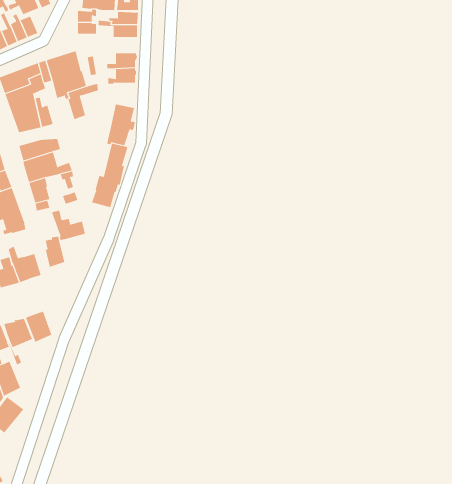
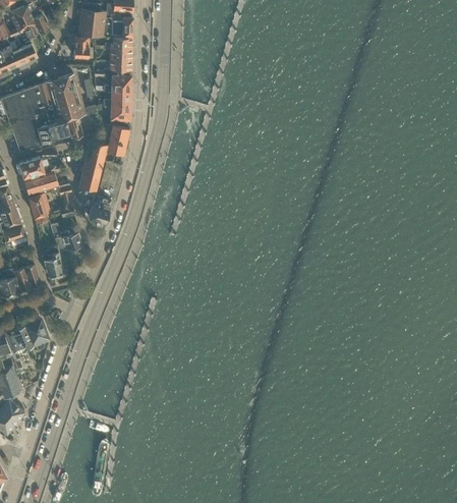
building: none -> [95,62,132,77]
building: none -> [110,105,131,128]
building: none -> [48,117,72,144]
building: none -> [79,141,107,189]

